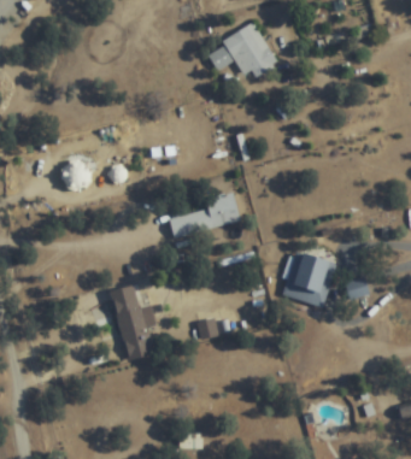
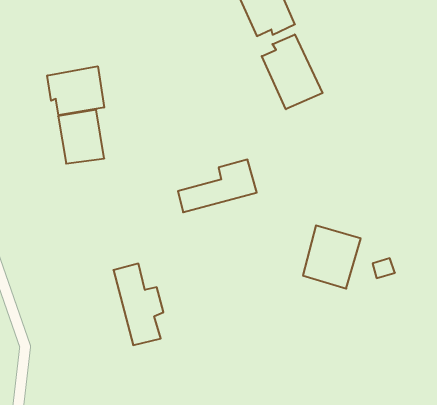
building: none -> [262,34,323,109]
building: none -> [47,66,104,115]

